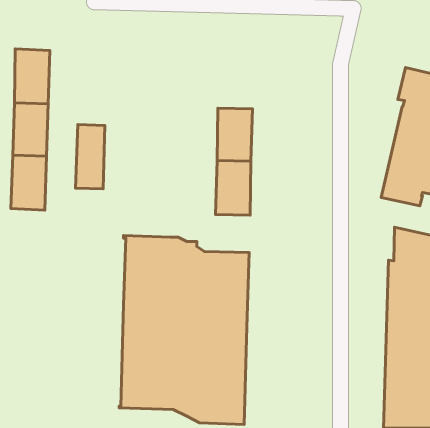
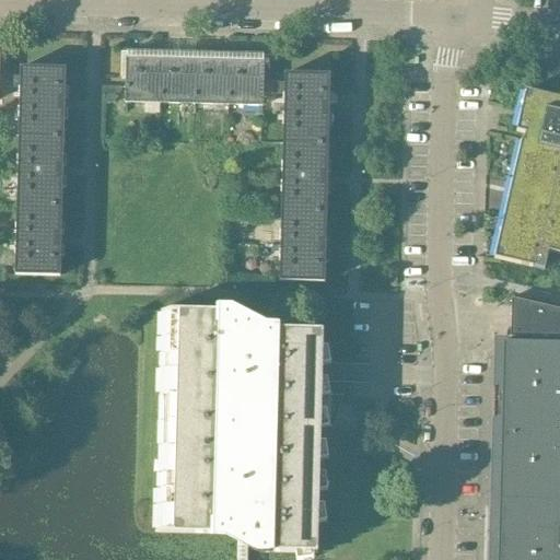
building: none -> [127,54,265,103]
building: none -> [284,71,330,141]
building: [76,125,105,189] -> none

